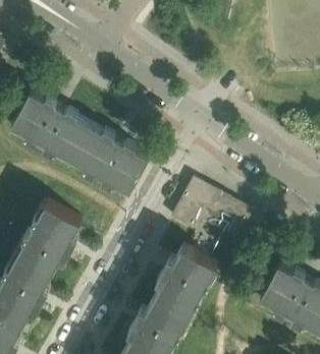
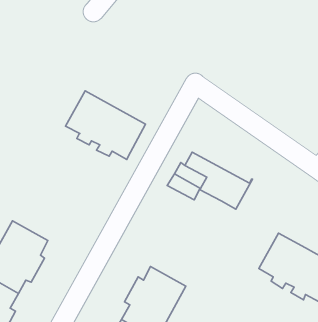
building: [11,92,90,159] -> none
building: [18,200,82,271] -> none
building: [154,244,217,315] -> none

